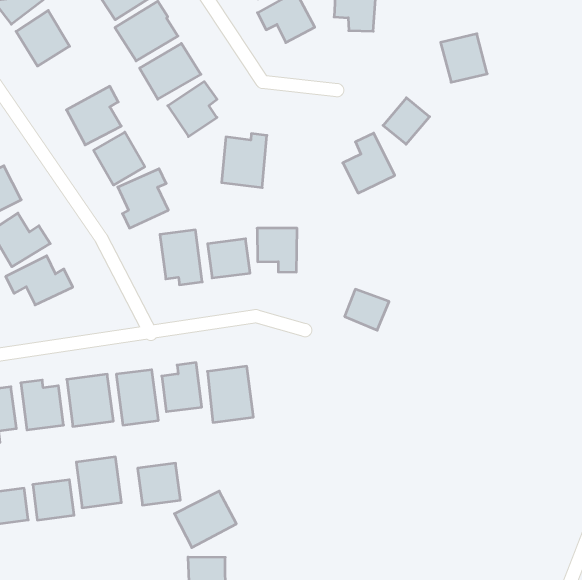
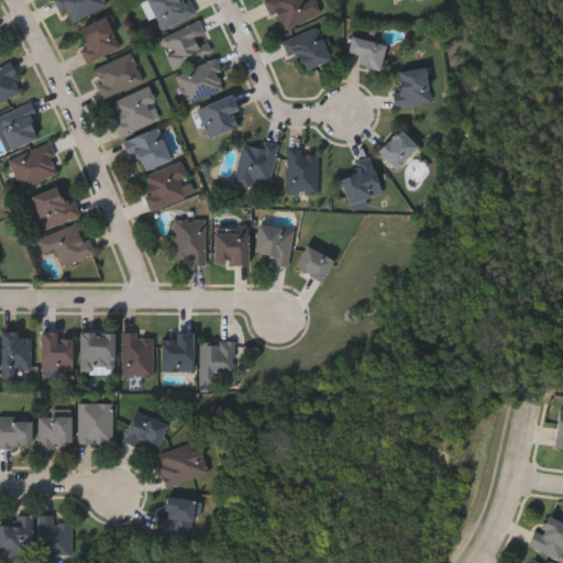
building: [441,34,487,82] -> [395,67,431,106]
building: none -> [92,53,144,98]
building: none -> [288,151,319,194]
building: [345,289,389,330] -> [295,245,334,283]

